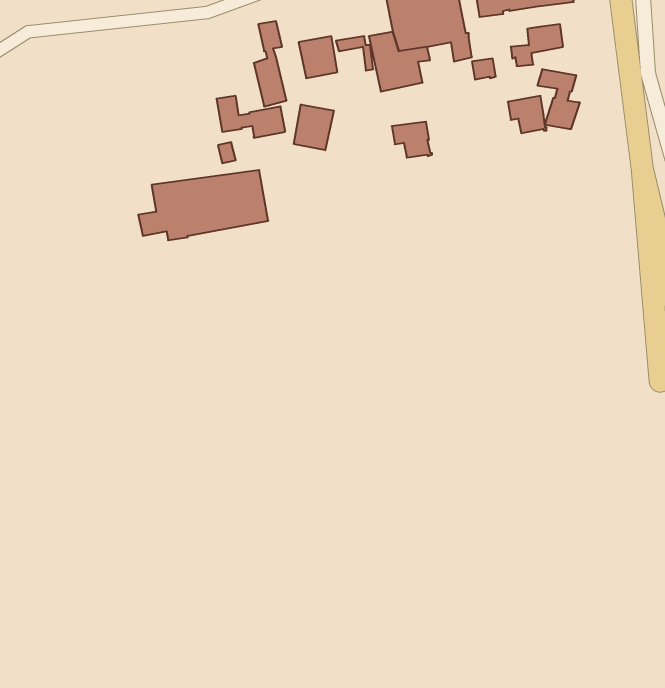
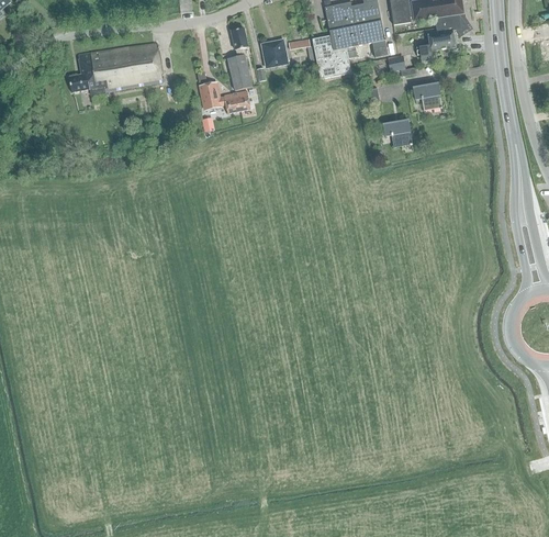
building: [538,69,580,129] -> none
building: [294,104,334,150] -> none
building: [392,122,432,158] -> [383,119,413,145]
building: [138,170,268,240] -> [68,42,164,93]

